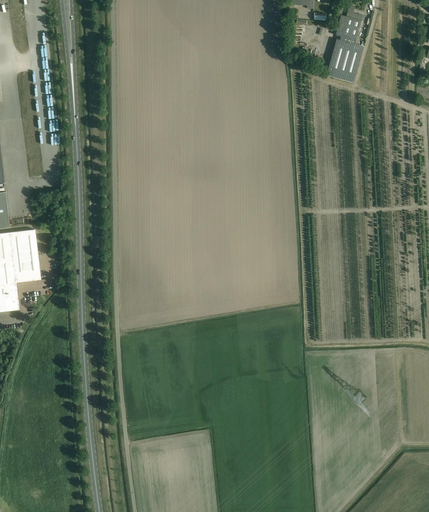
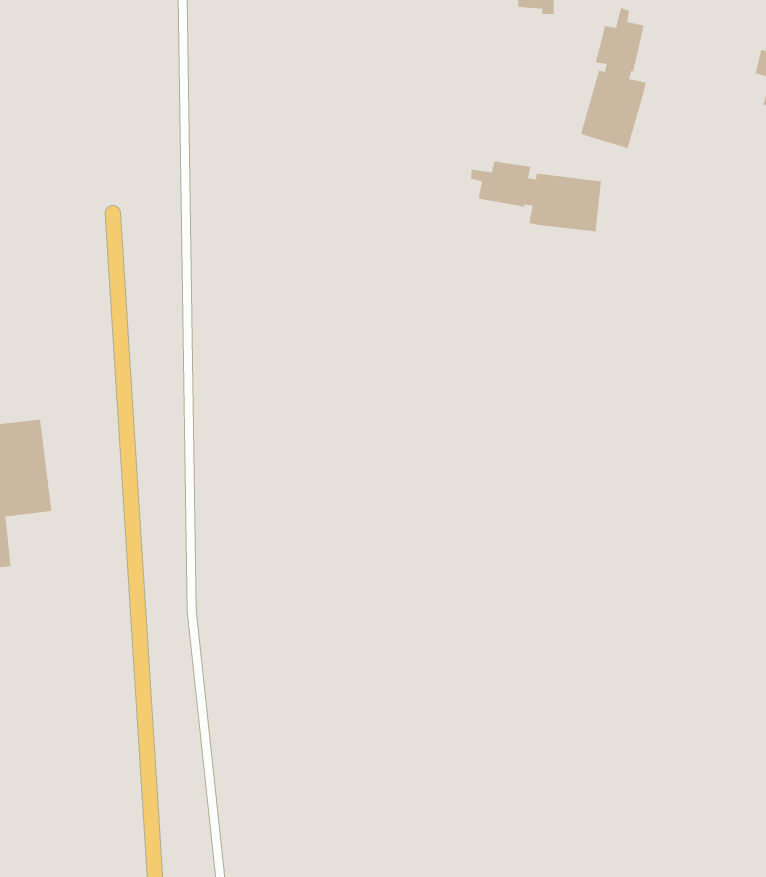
building: none -> [471,160,602,232]

